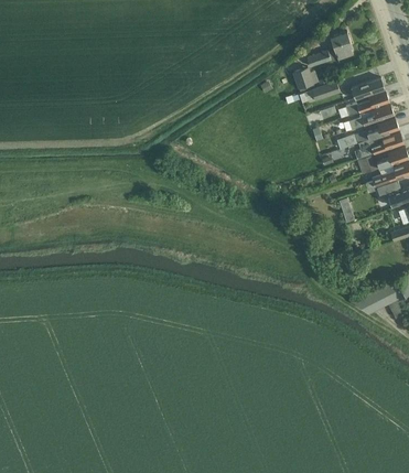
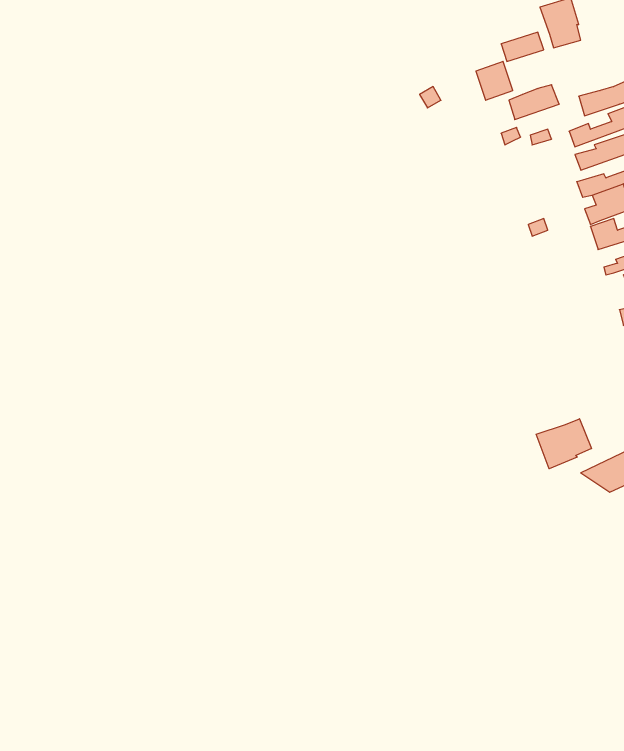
building: none -> [536,419,591,469]

